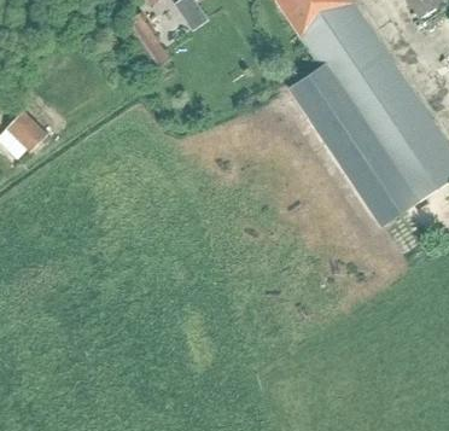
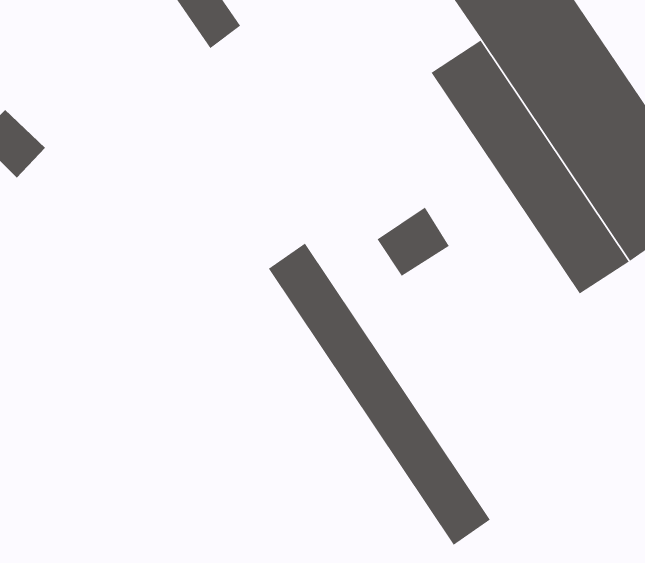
building: none -> [376,207,450,277]
building: none -> [268,242,491,546]

